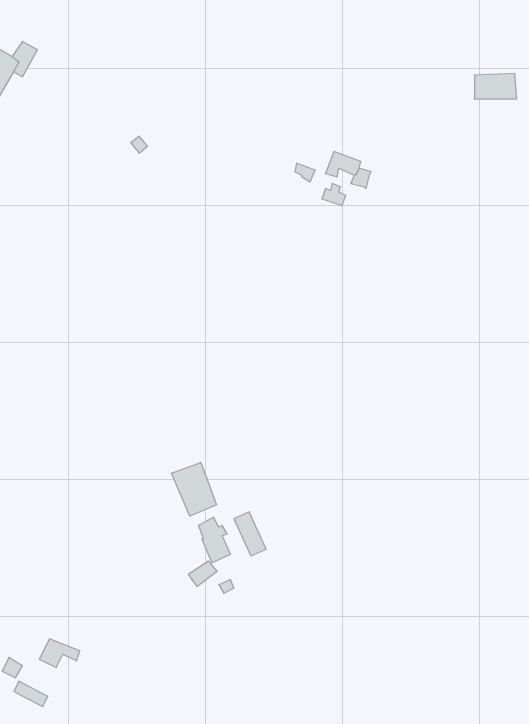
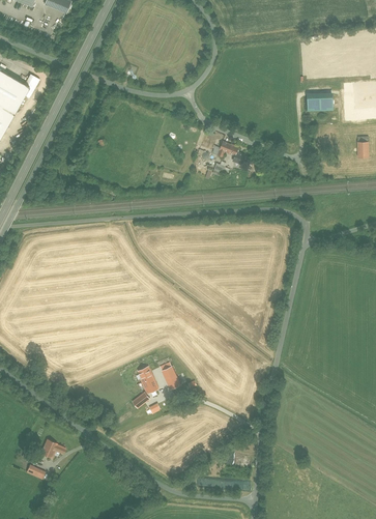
building: [171,462,217,516] -> none

